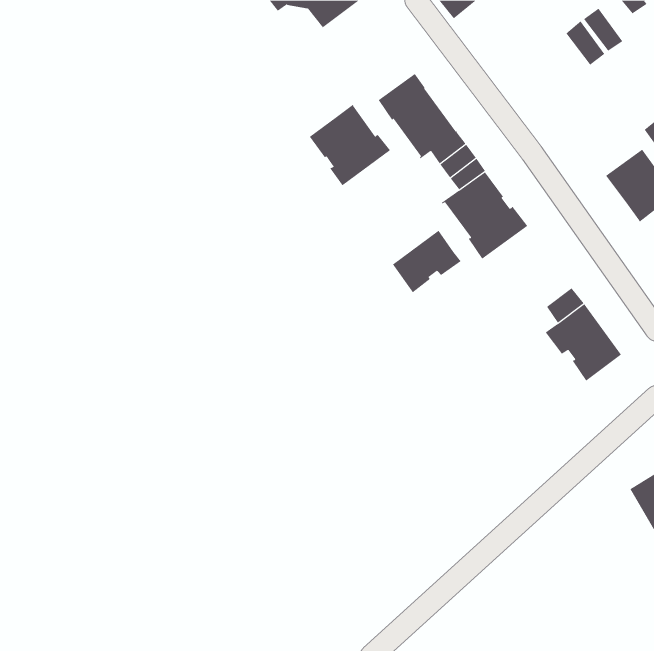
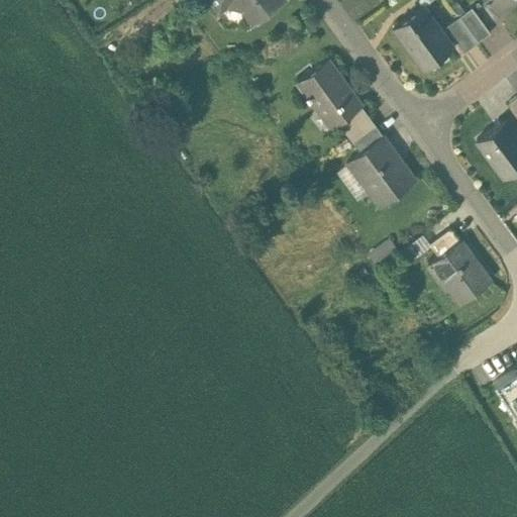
building: none -> [395,8,454,71]
building: [307,102,391,186] -> none
building: [392,230,462,293] -> none

